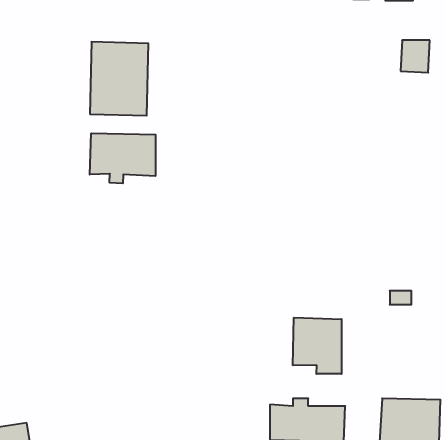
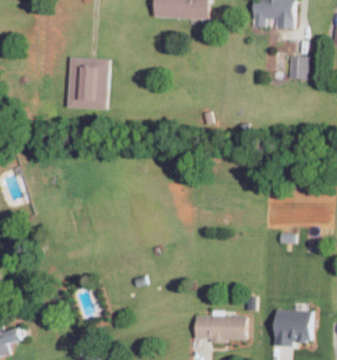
building: [90,133,156,183] -> none
building: [293,318,342,374] -> none

